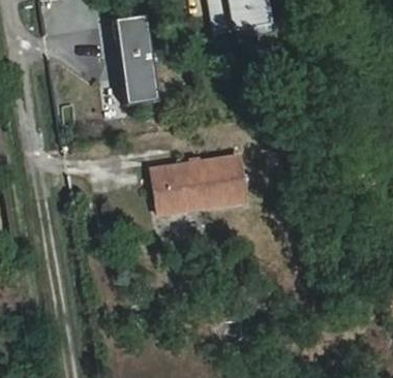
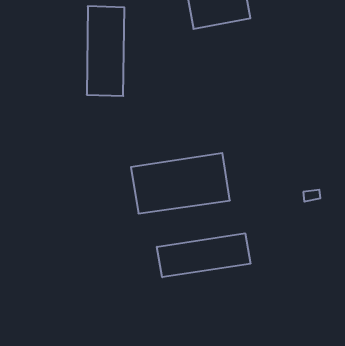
building: none -> [157,233,250,277]

